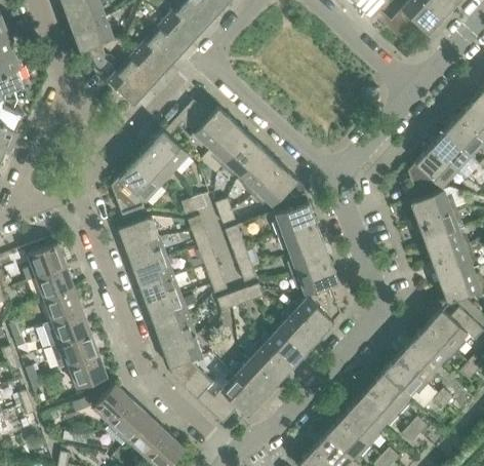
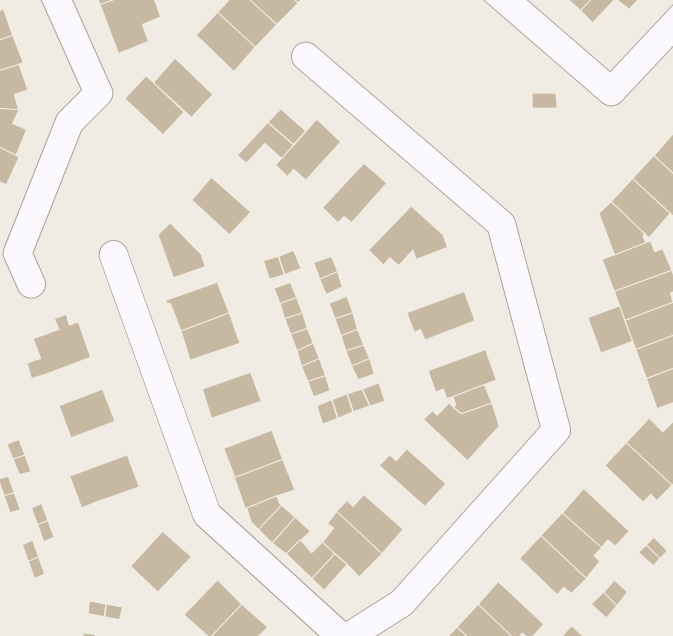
building: [122,50,162,90] -> [125,75,184,135]
building: [210,122,249,166] -> none
building: [147,129,189,169] -> none
building: [241,150,281,195] -> none
building: [119,161,159,201] -> none
building: [273,201,317,237] -> none
building: none -> [588,306,633,353]
building: [287,242,331,276] -> none
building: [131,258,173,288] -> none
building: [36,267,74,300] -> none
building: [146,297,188,328] -> none
building: [278,309,319,352] -> none
building: [43,310,90,347] -> none
building: [249,340,290,383] -> none
building: [397,340,437,384] -> none
building: [69,354,107,388] -> none
building: [106,401,151,445] -> none
building: [339,402,380,446] -> none

